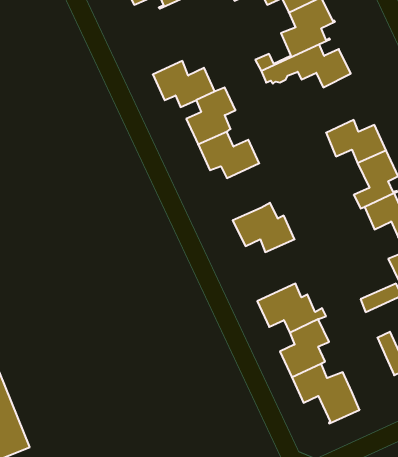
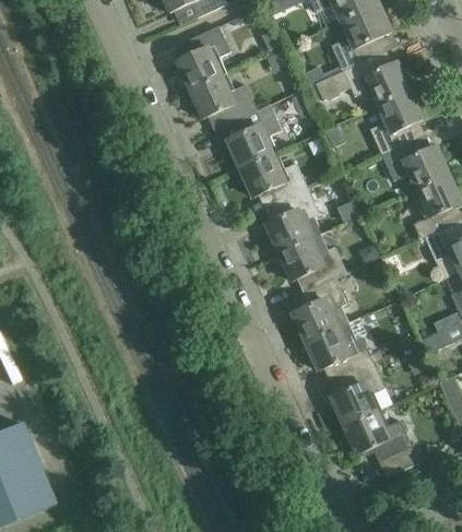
building: none -> [176,25,230,90]
building: none -> [369,88,423,154]
building: none -> [264,188,319,251]
building: none -> [292,277,347,341]

